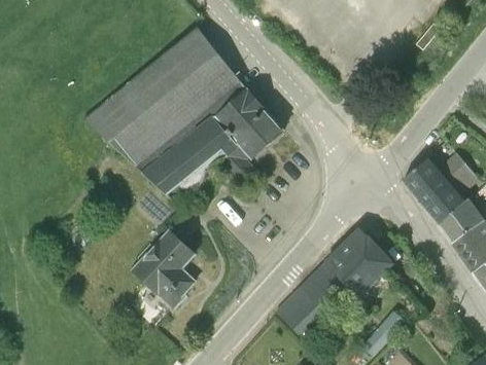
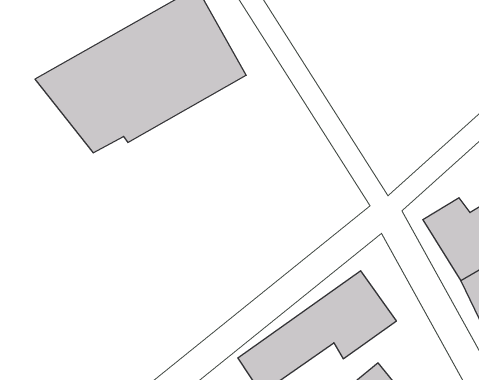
building: [141,88,282,199] -> none
building: [132,230,194,307] -> none

